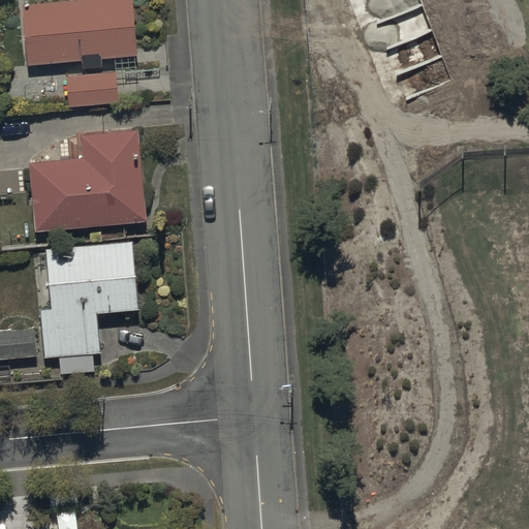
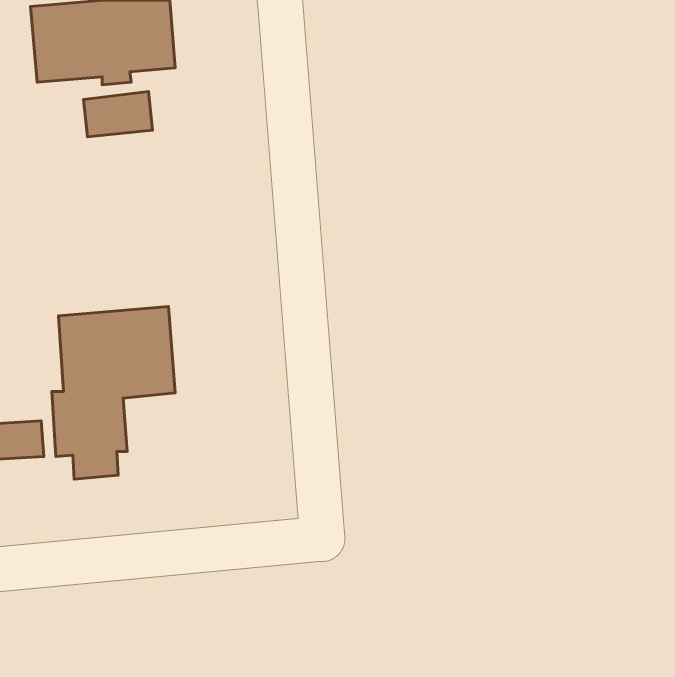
building: [28,129,144,229] -> none

